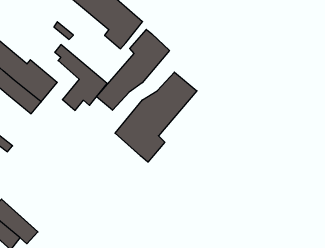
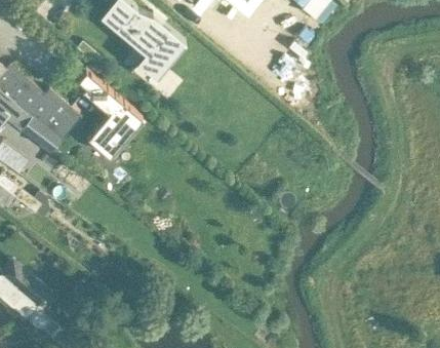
building: [96,29,169,110] -> none
building: [115,72,197,162] -> none

